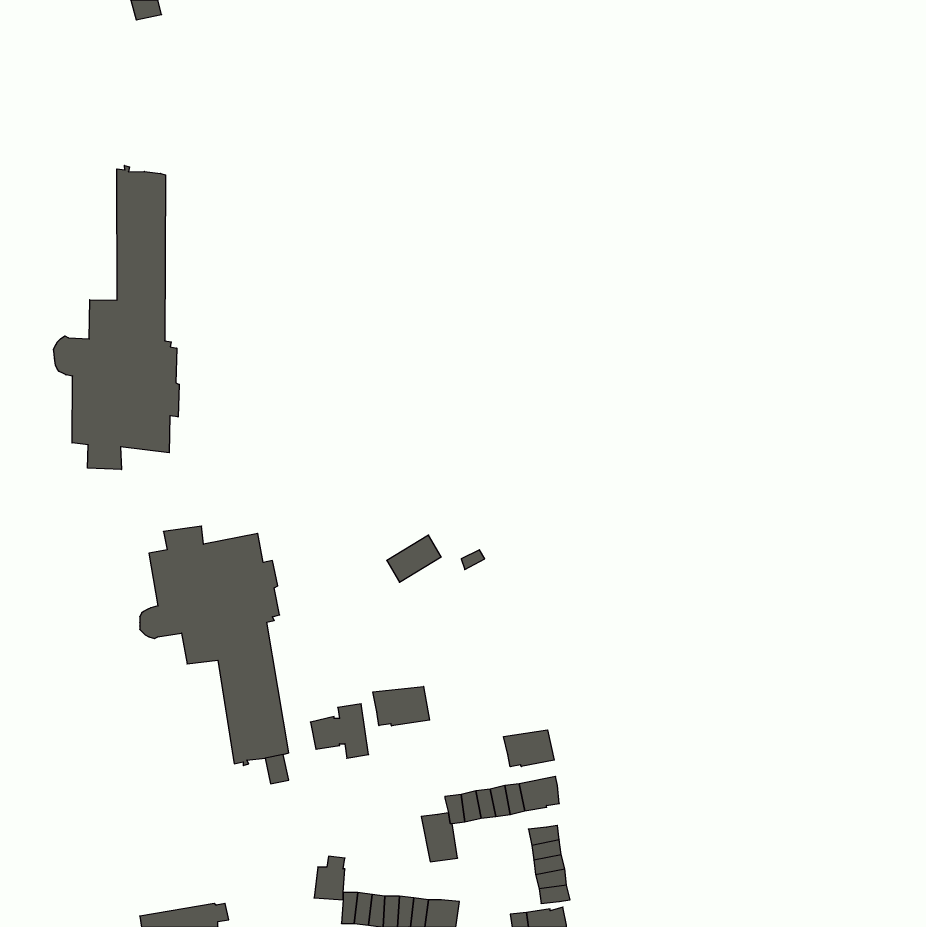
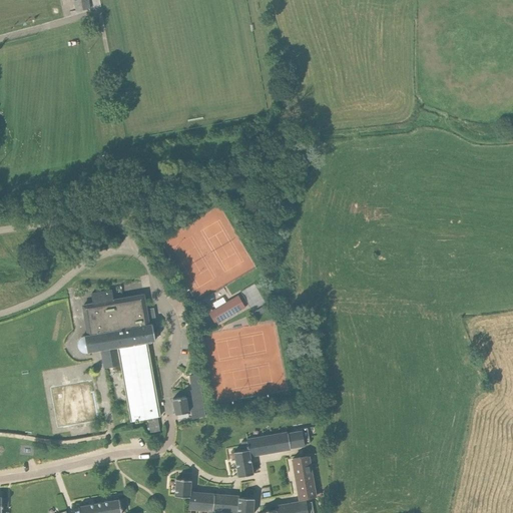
building: [54,165,179,470] -> none
building: [373,686,430,726] -> none
building: [504,730,554,767] -> none

